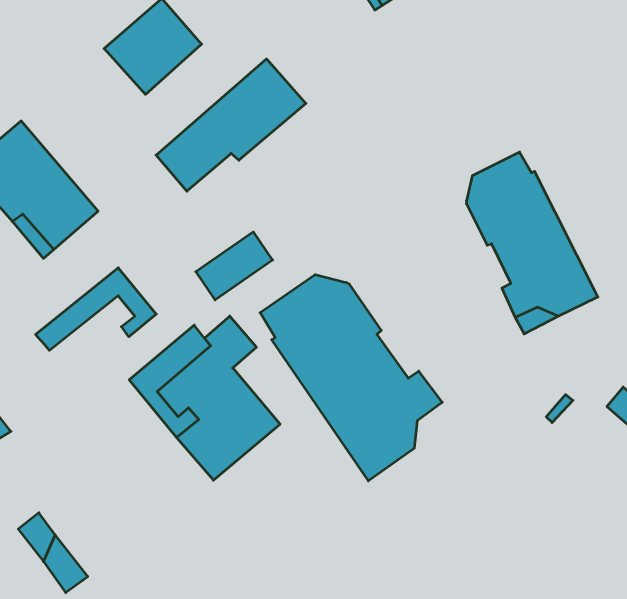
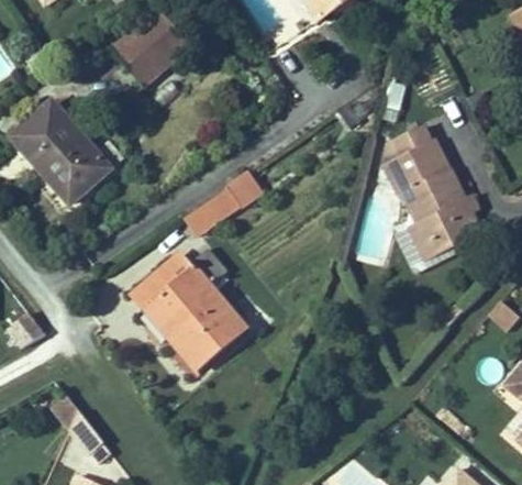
building: [156,59,306,191] -> none
building: [36,268,156,350] -> none
building: [260,275,442,481] -> none

